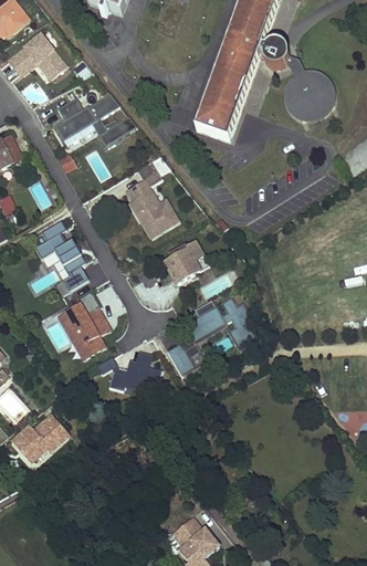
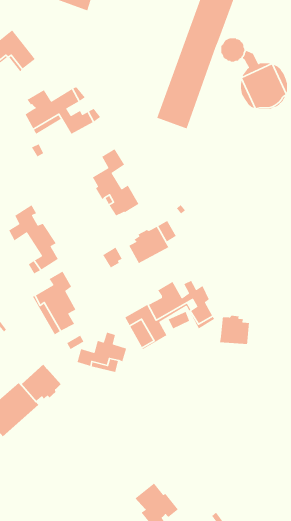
building: none -> [219,315,250,345]
building: none -> [21,363,61,402]

